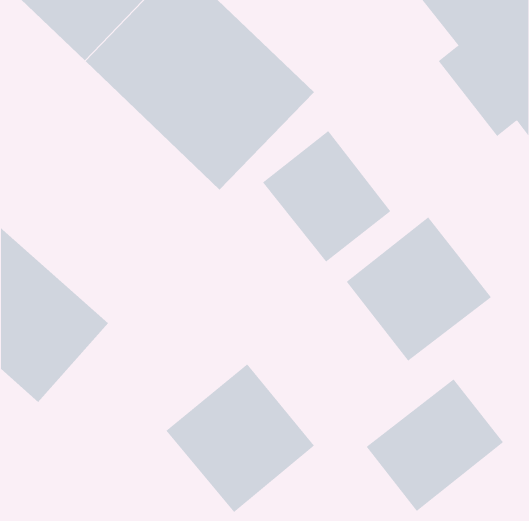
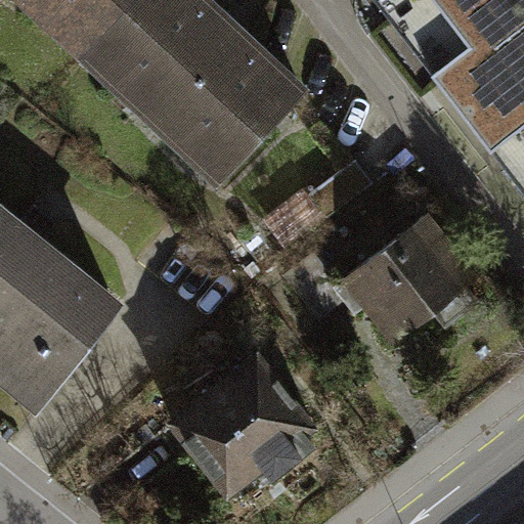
building: [262,130,391,263] -> none
building: [366,378,504,512] -> none

